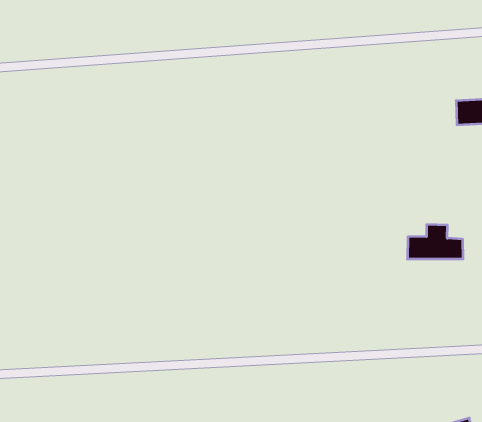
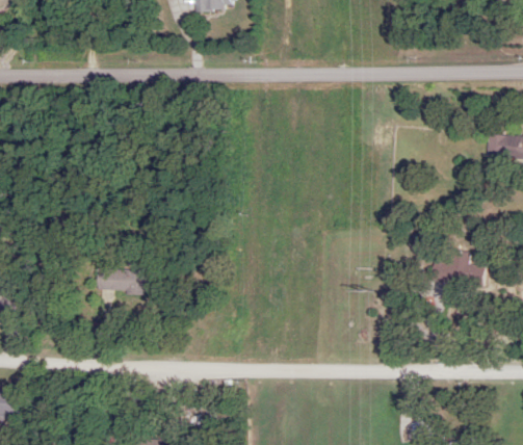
building: none -> [91,268,143,292]

